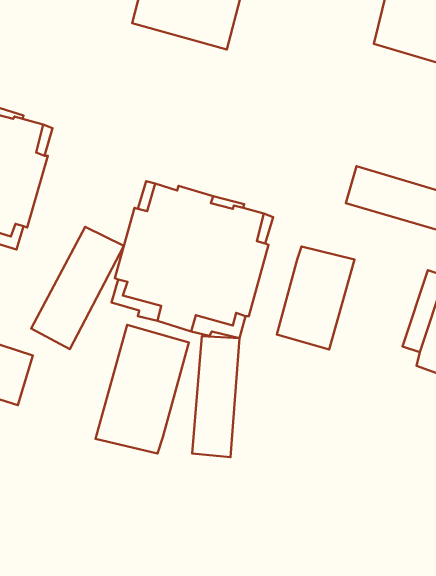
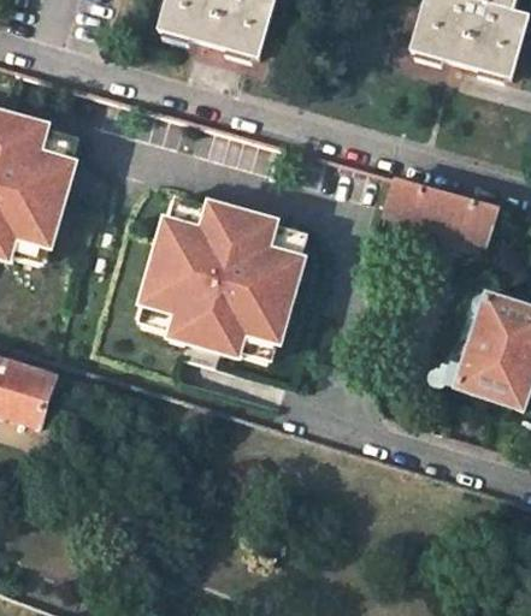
building: [31,227,124,349] -> none
building: [277,247,354,350] -> none
building: [95,325,189,454] -> none
building: [192,336,240,457] -> none

